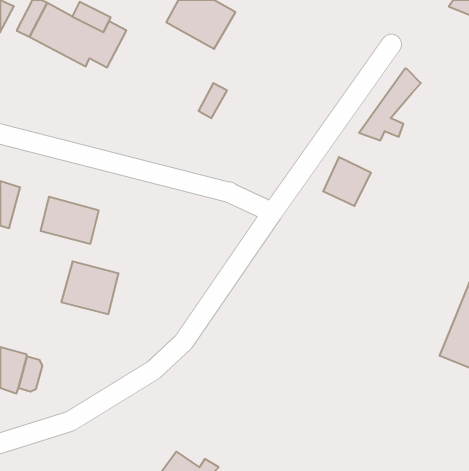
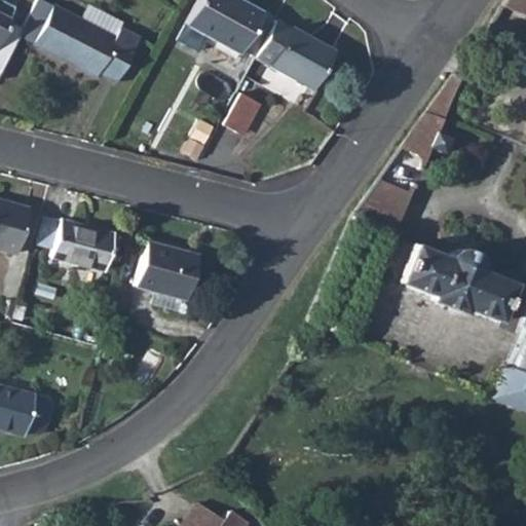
building: none -> [255,21,336,91]
building: none -> [401,245,515,322]
building: [61,261,119,314] -> [132,241,195,300]

